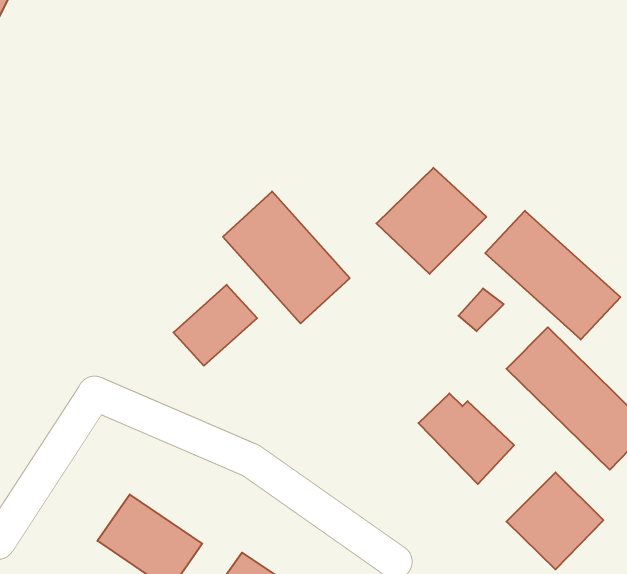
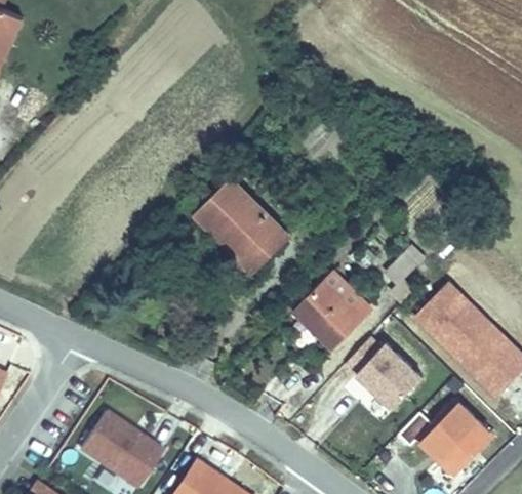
building: [376,168,486,274] -> [282,269,369,353]
building: [485,211,620,340] -> none
building: [173,285,257,366] -> none

